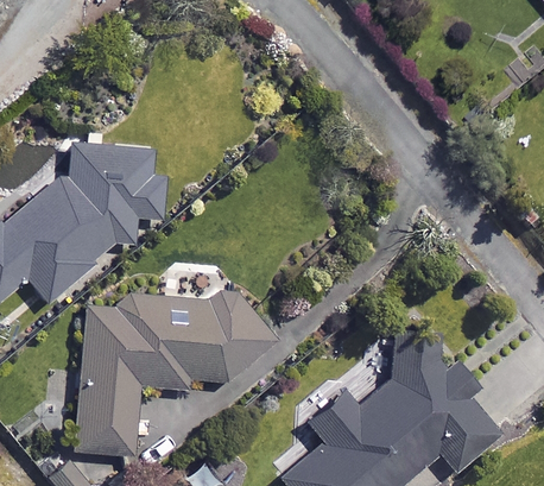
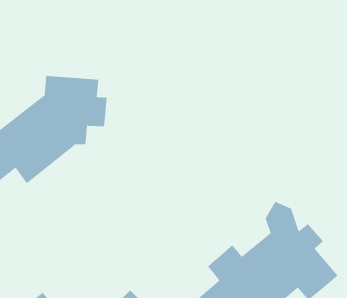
building: [74,304,276,454] -> none

